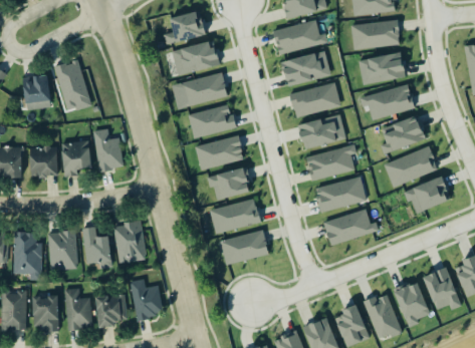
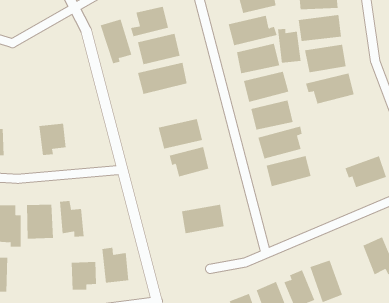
building: none -> [277,28,301,64]
building: [53,59,89,109] -> [100,19,132,64]
building: [22,74,51,110] -> none
building: [188,104,235,137] -> none
building: [380,115,425,154] -> none
building: [92,128,124,170] -> none
building: [383,145,438,187] -> none
building: [29,146,57,177] -> none
building: [209,199,260,233] -> none
building: [323,209,378,246] -> none
building: [114,222,146,263] -> none
building: [394,282,430,327] -> none
building: [65,288,91,329] -> none
building: [32,296,58,332] -> none

